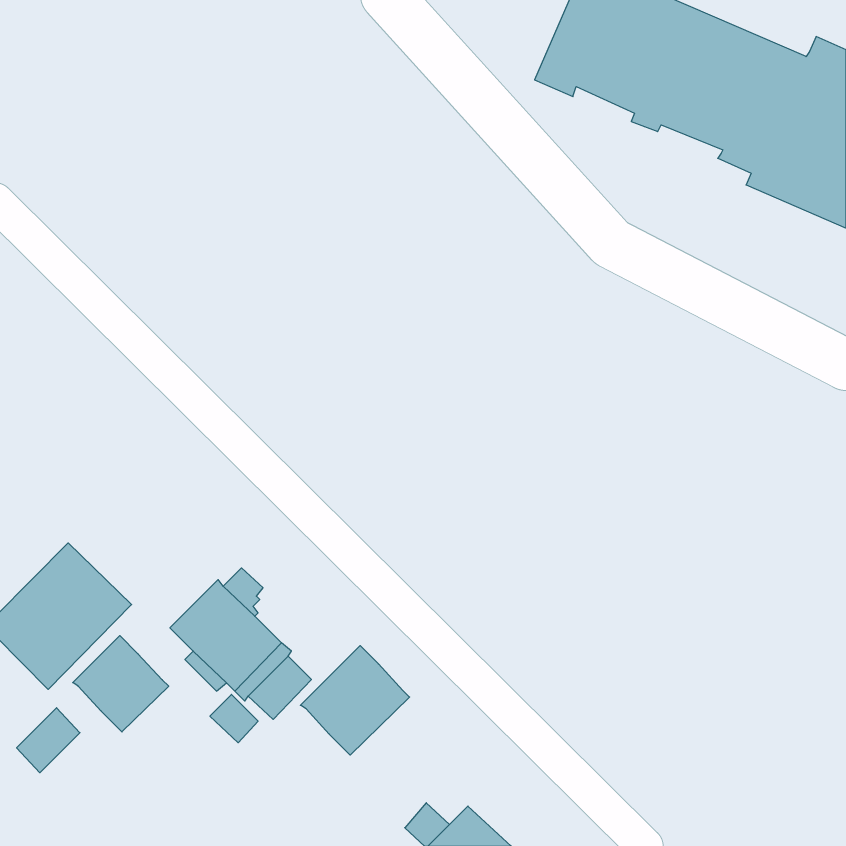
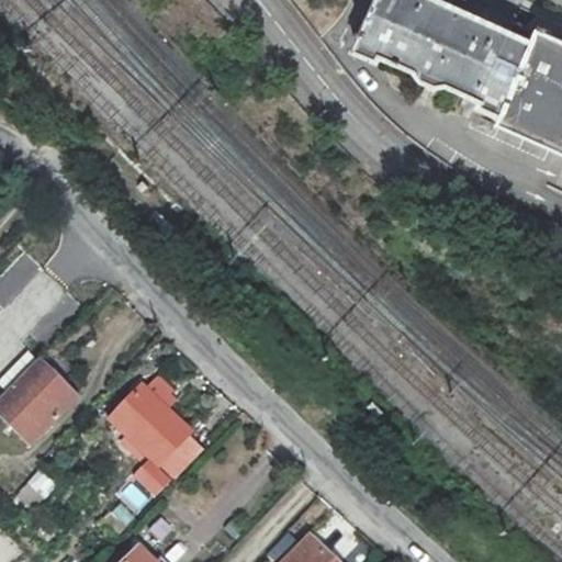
building: [73,636,169,732] -> none
building: [300,646,410,755] -> none

